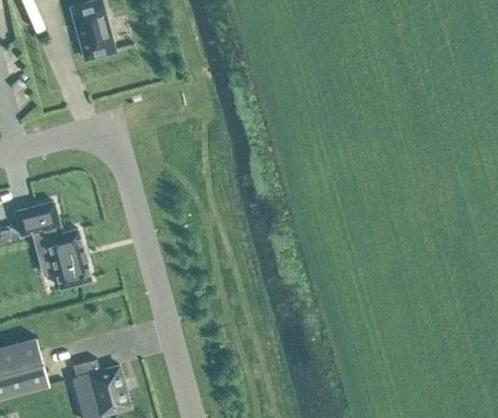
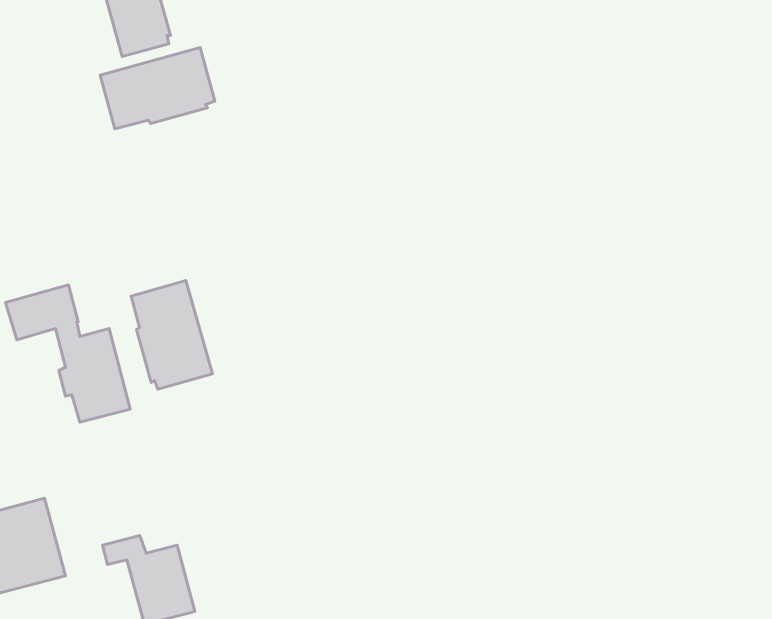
building: none -> [100,48,215,129]
building: none -> [131,281,212,389]

